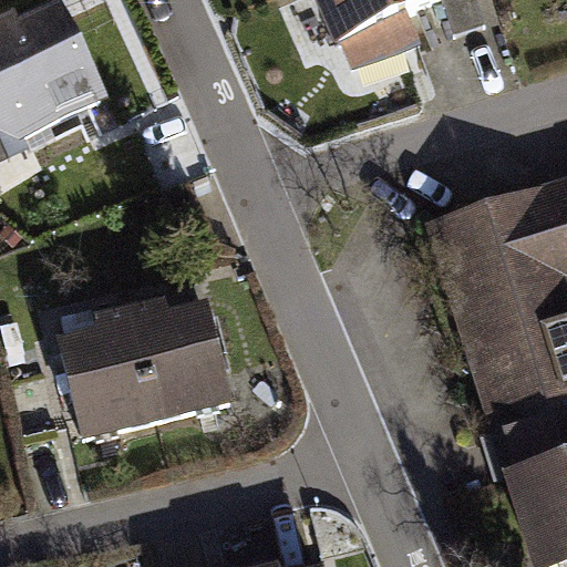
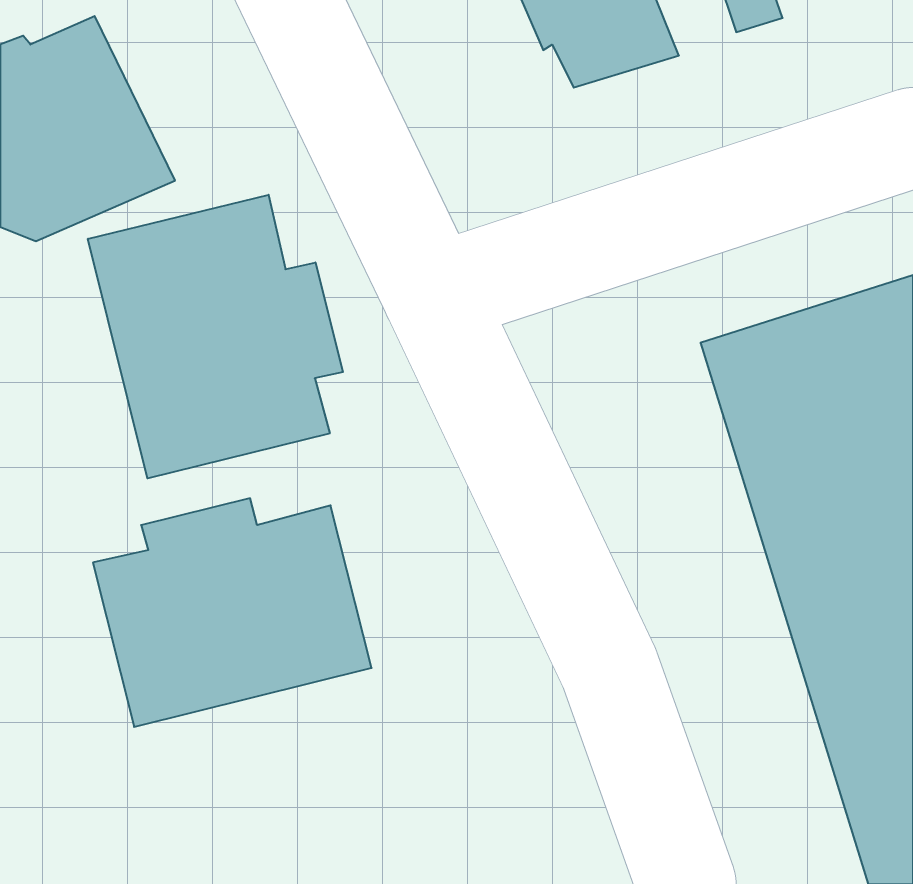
building: none -> [88,195,343,478]

